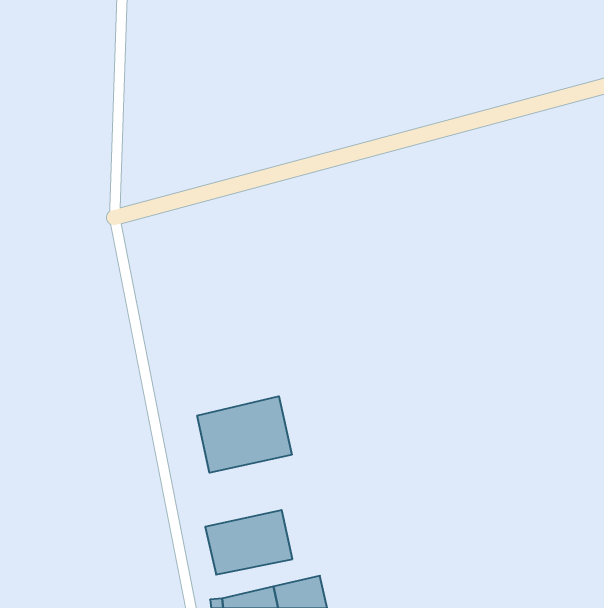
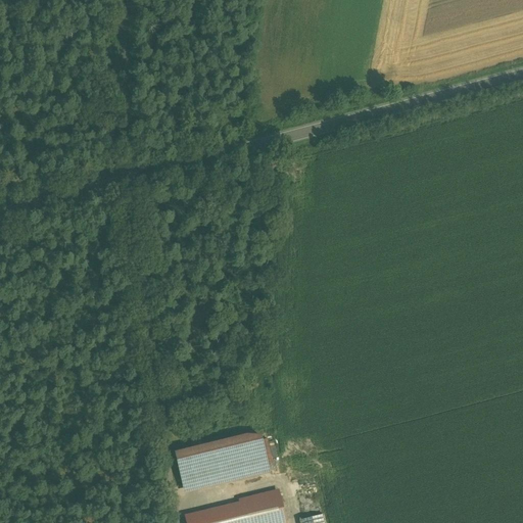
building: [197,396,292,473] -> none
building: none -> [245,433,269,475]

